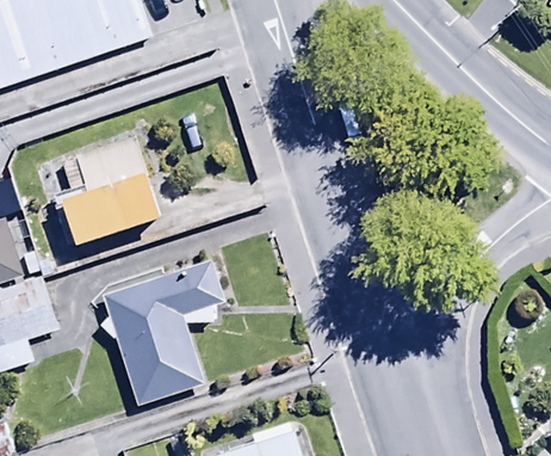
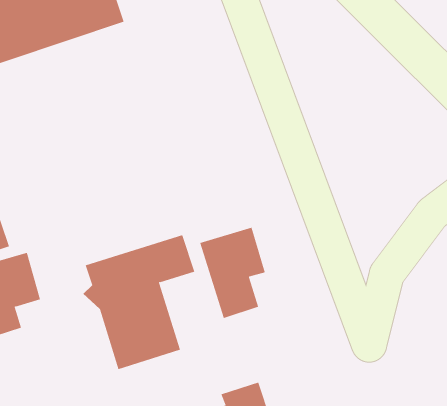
building: [54,142,160,248] -> none
building: none -> [199,227,266,319]

